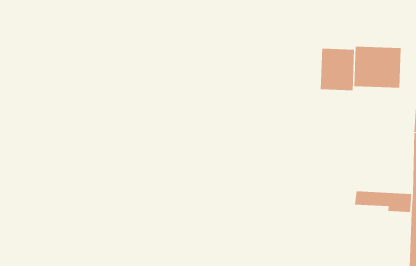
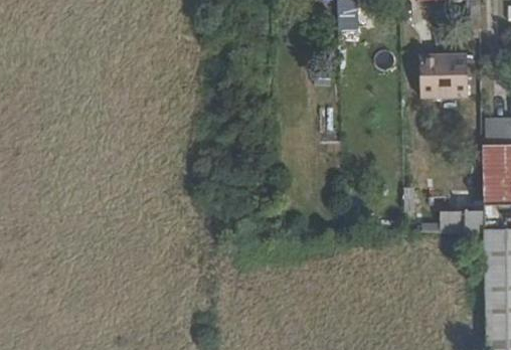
building: [320,48,355,91] -> none

